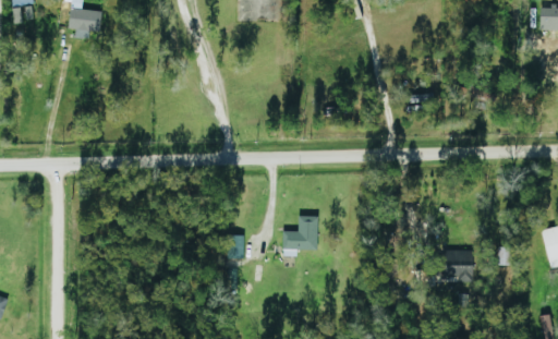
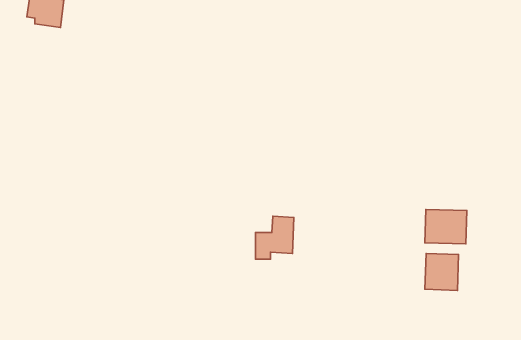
building: none -> [425,209,467,244]

